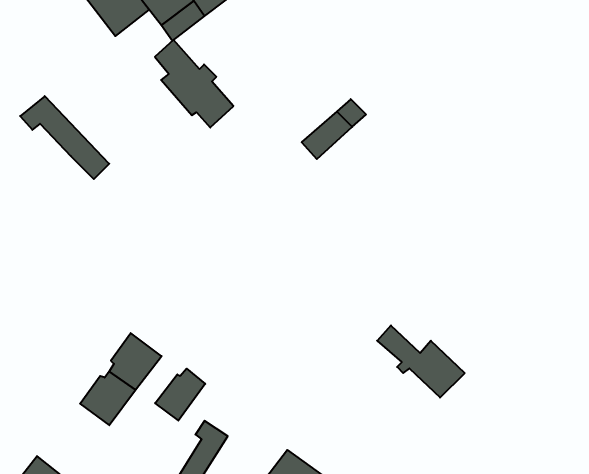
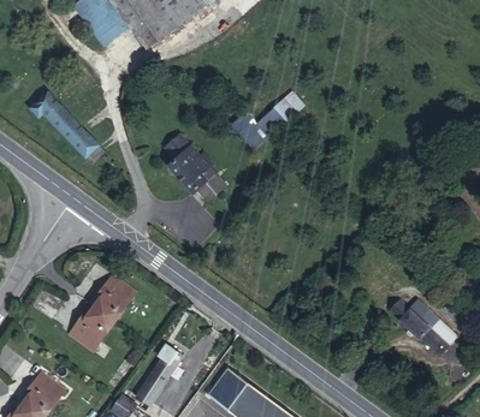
building: [155,40,233,128] -> [164,133,225,202]
building: [377,325,465,398] -> [389,300,457,357]
building: [155,369,205,421] -> none

